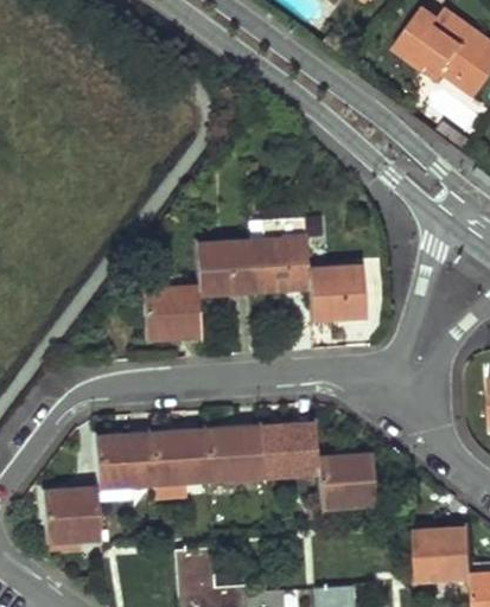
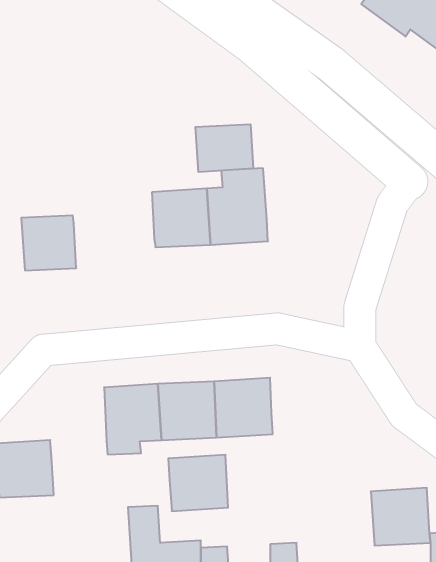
building: none -> [195,124,253,172]
building: [312,263,361,318] -> none
building: [149,286,204,340] -> [21,215,76,270]
building: [95,433,153,501] -> none
building: [317,454,376,510] -> [168,455,228,511]

